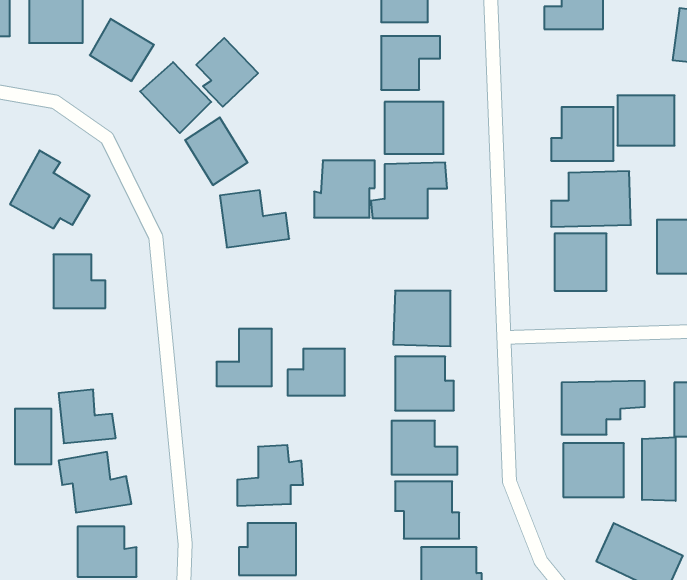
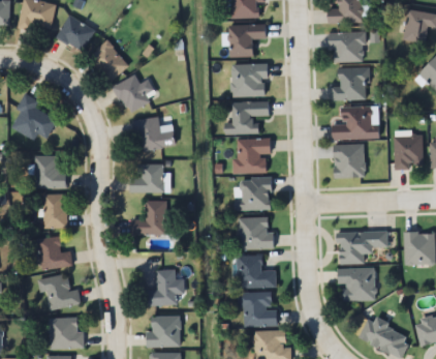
building: [196,38,258,107] -> none
building: [617,95,675,146] -> [331,31,365,61]
building: [314,160,375,218] -> [233,139,270,173]
building: [288,349,345,396] -> [129,163,163,191]
building: [15,409,51,464] -> [44,193,66,227]
building: [642,437,676,501] -> none

